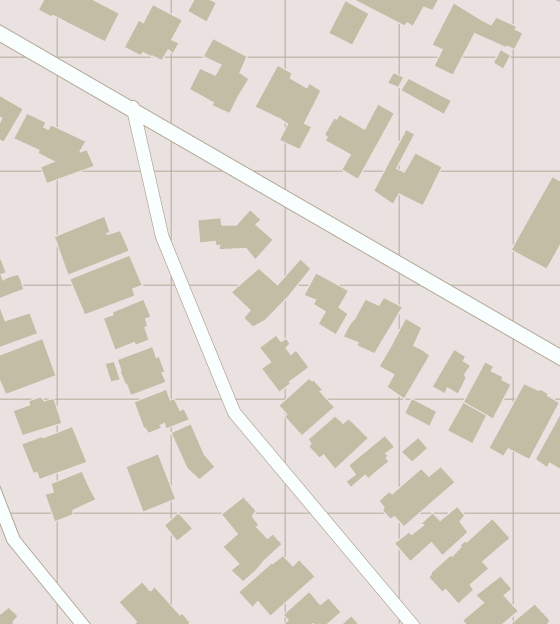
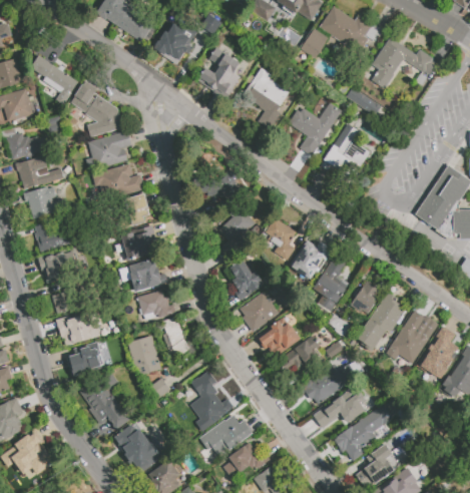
building: none -> [86,130,131,171]
building: none -> [78,372,130,429]

